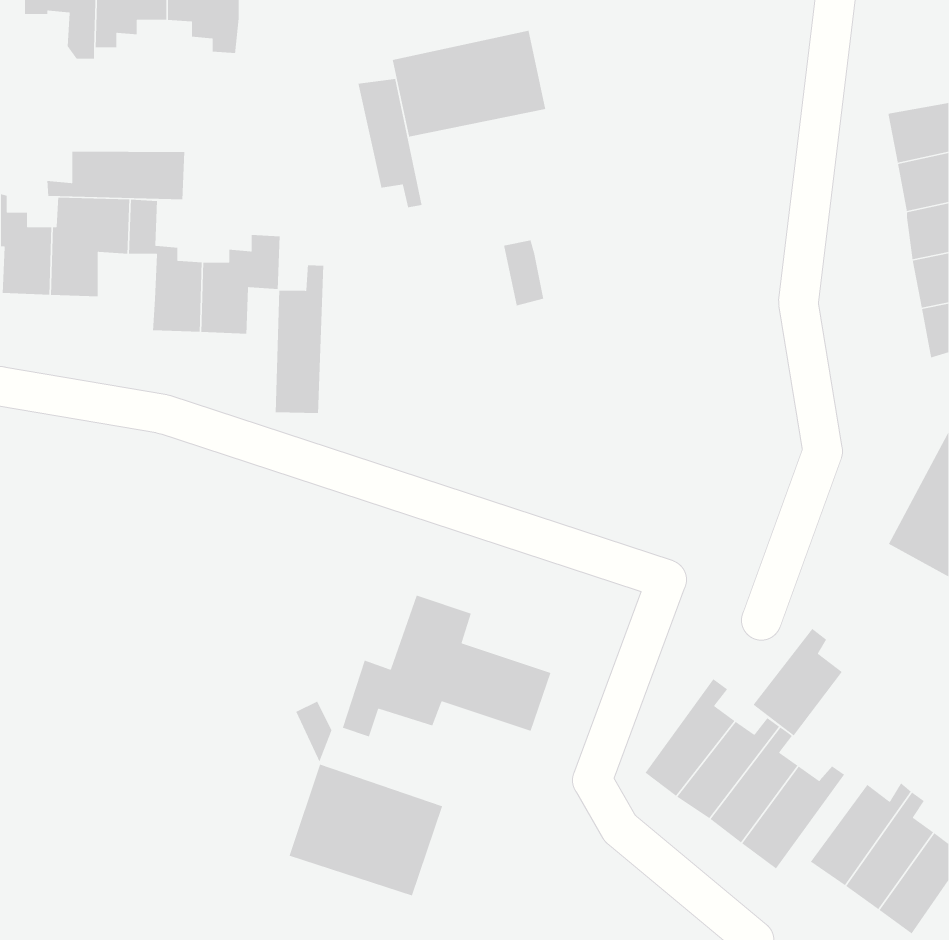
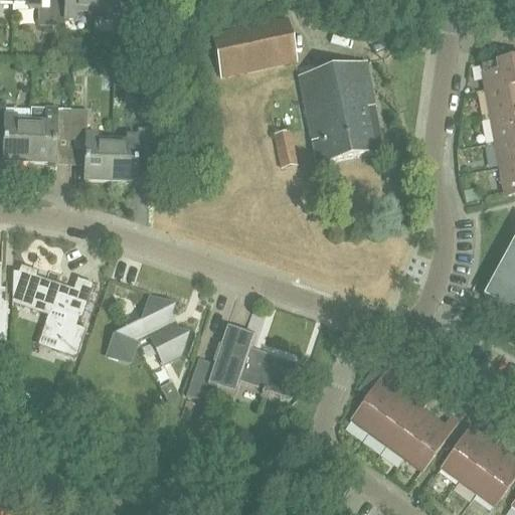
building: [358,78,423,208] -> none
building: none -> [299,60,383,162]
building: [46,151,185,200] -> none
building: [275,265,324,414] -> none
building: none -> [10,264,92,356]
building: none -> [106,297,185,363]
building: [752,628,843,736] -> none
building: [289,764,443,896] -> none

